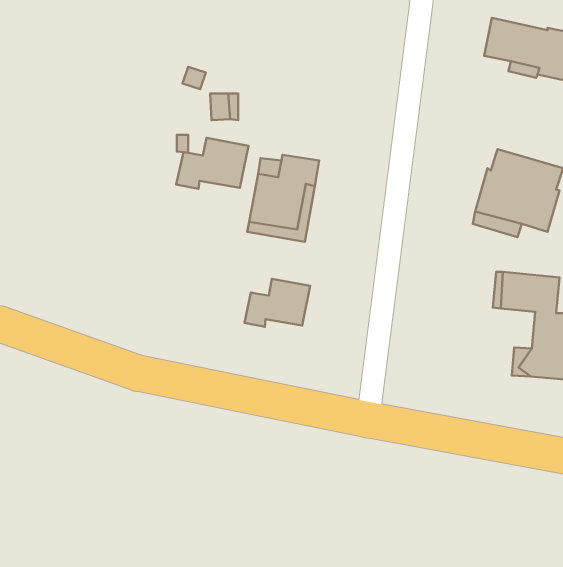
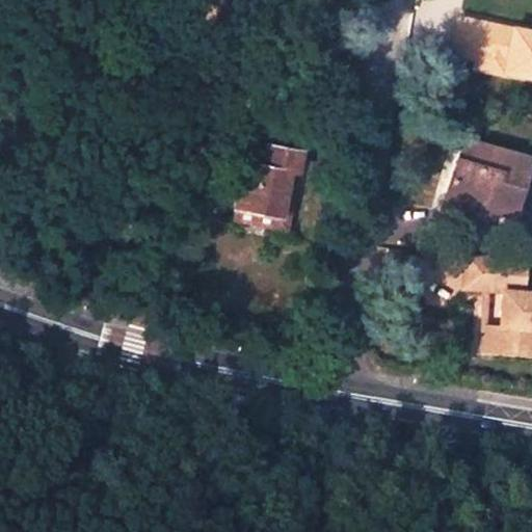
building: [176,138,249,189] -> none
building: [244,279,310,327] -> none

